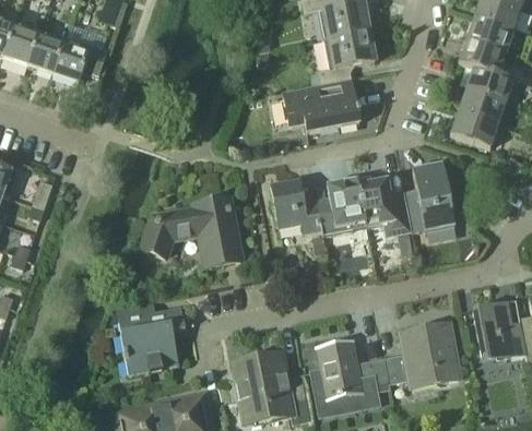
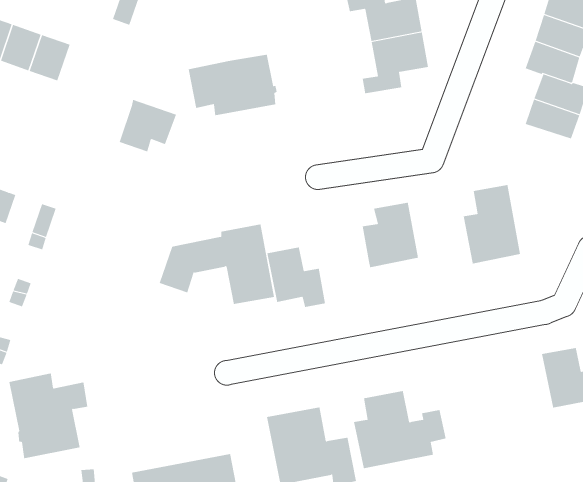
building: [54,36,104,82] -> [119,99,177,152]
building: [283,79,360,132] -> [188,54,278,116]
building: [450,110,498,147] -> none
building: [357,177,412,236] -> none
building: [271,180,322,232] -> [267,247,326,307]
building: [116,299,185,373] -> [9,373,88,459]
building: [385,322,460,386] -> none

